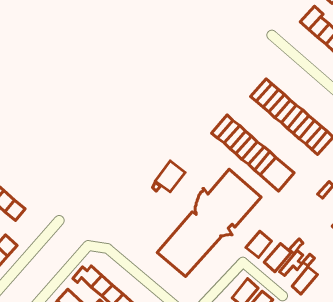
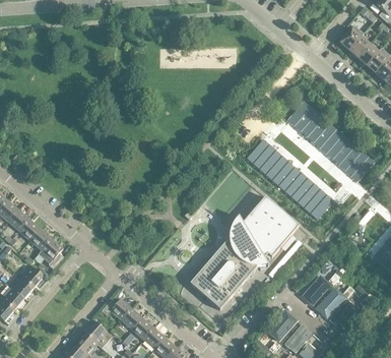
building: [155,161,185,192] -> none
building: none -> [38,238,64,268]
building: [246,231,271,258] -> none

